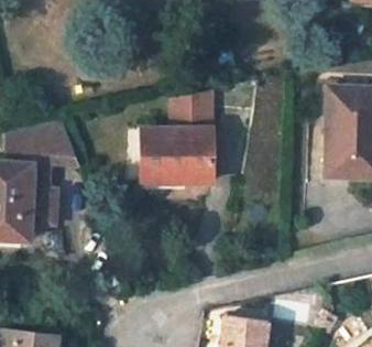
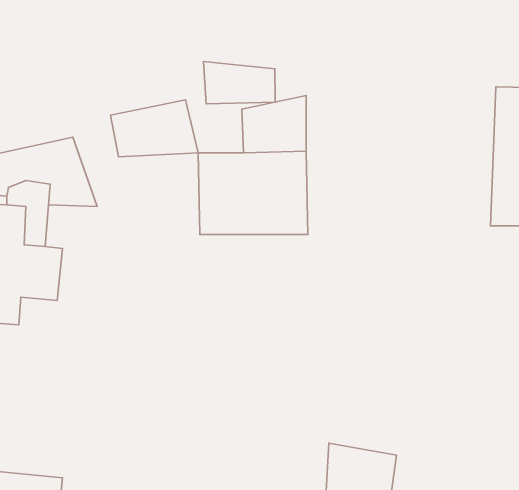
building: none -> [203,61,275,104]
building: none -> [110,100,198,157]

